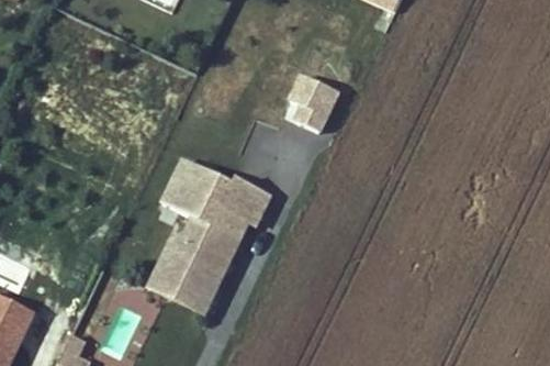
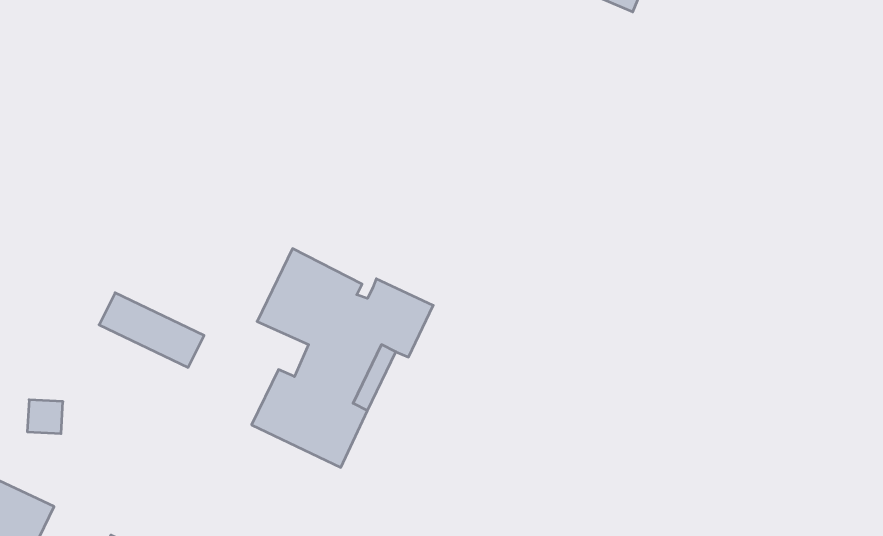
building: [287,73,332,127] -> none
building: [148,266,213,312] -> [99,293,204,367]

